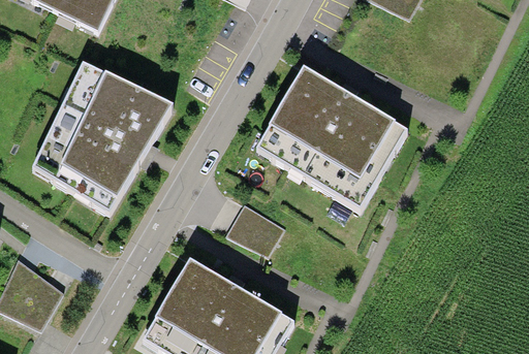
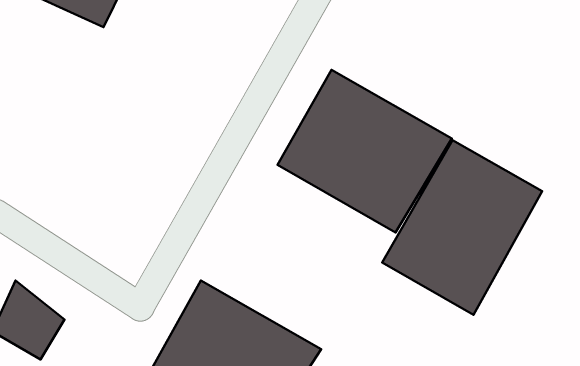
building: [35,62,175,214] -> none
building: none -> [382,140,542,315]

